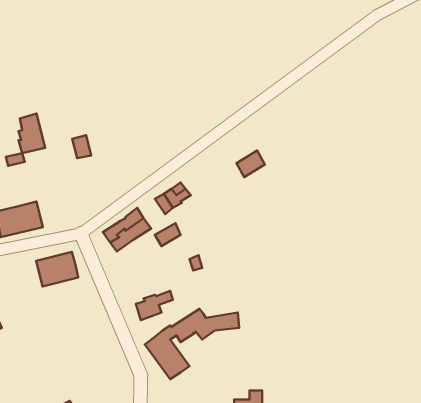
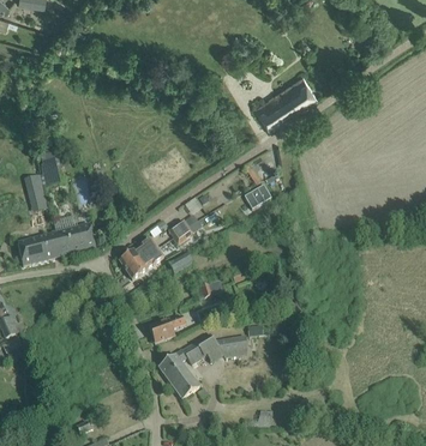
building: none -> [253,76,318,132]
building: [36,252,78,286] -> [56,224,96,257]

